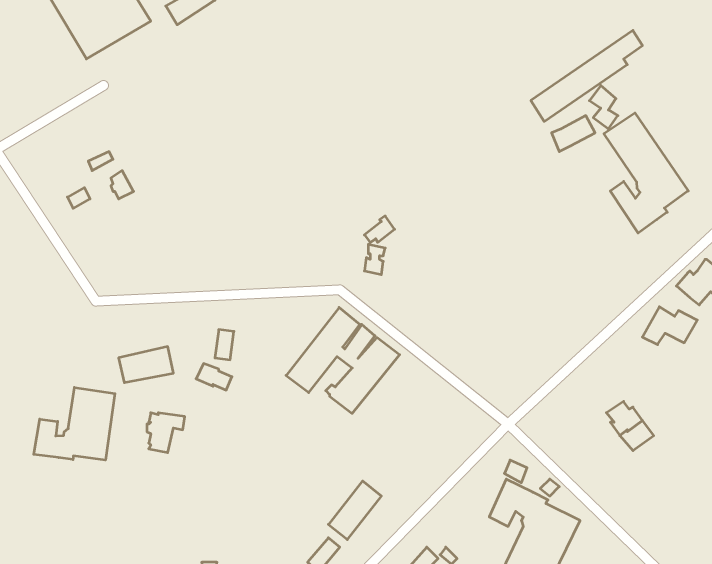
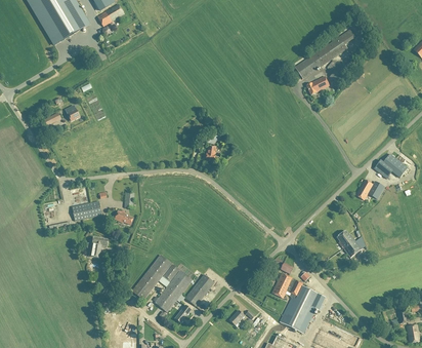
building: [604,113,688,233] -> none
building: [286,307,400,413] -> [131,254,193,311]
building: [34,387,115,460] -> none

